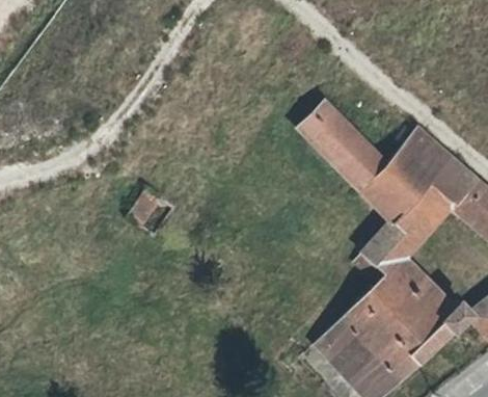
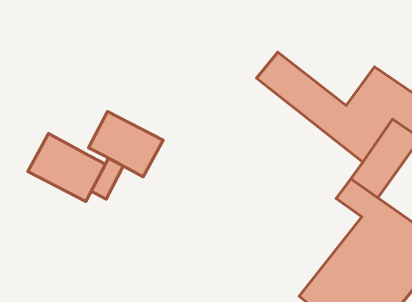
building: none -> [89,112,163,177]
building: none -> [28,134,105,201]

